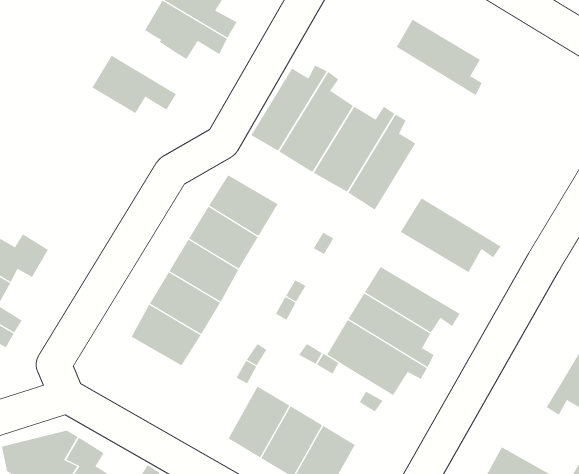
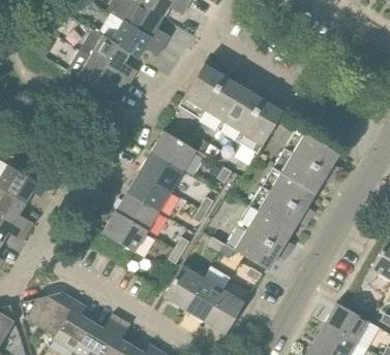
building: none -> [78,28,137,80]
building: [396,19,483,96] -> [286,128,340,176]
building: none -> [260,167,316,219]

